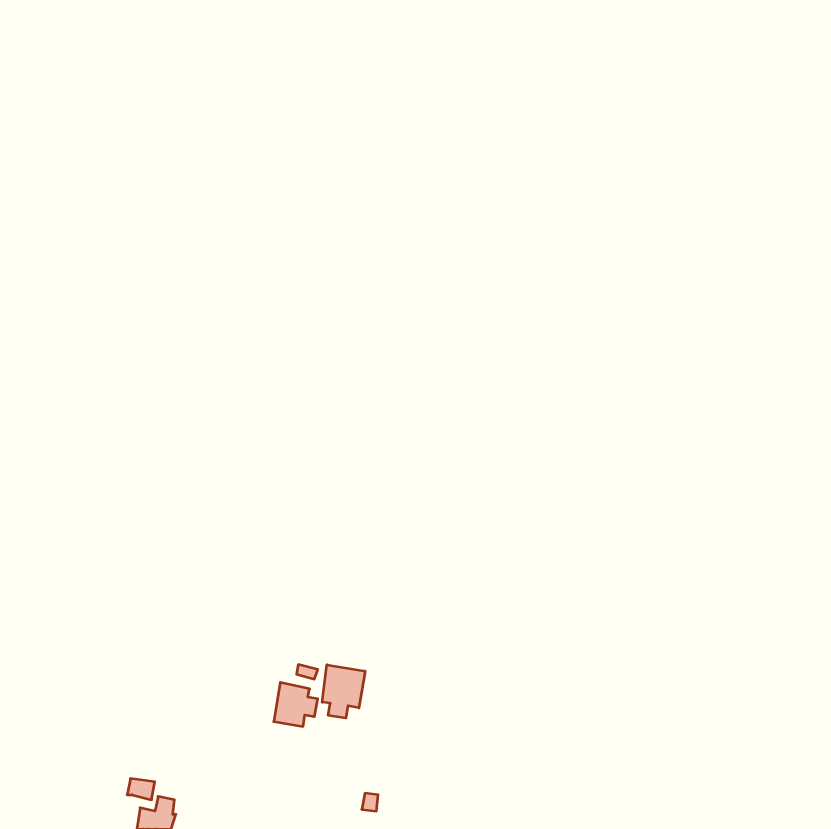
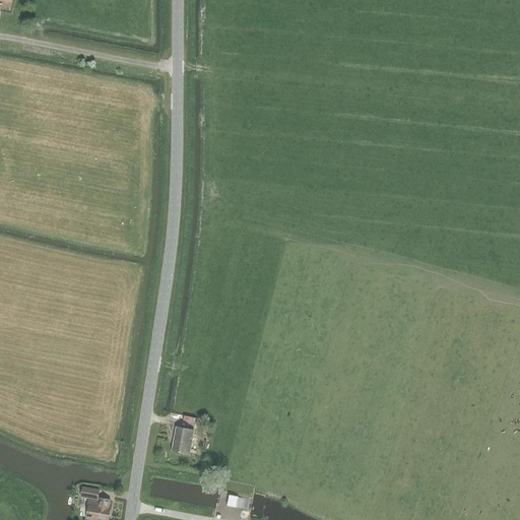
building: [322,665,365,718] -> none

